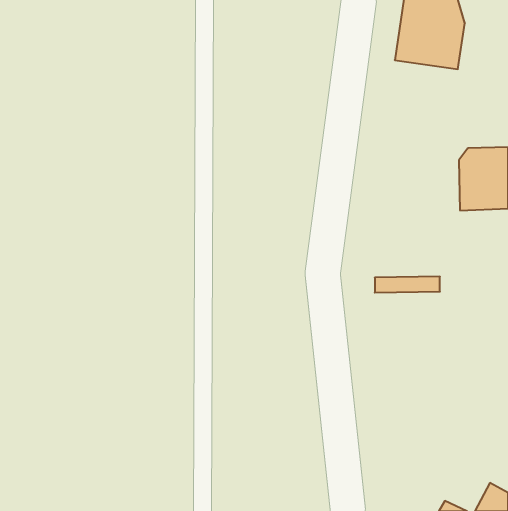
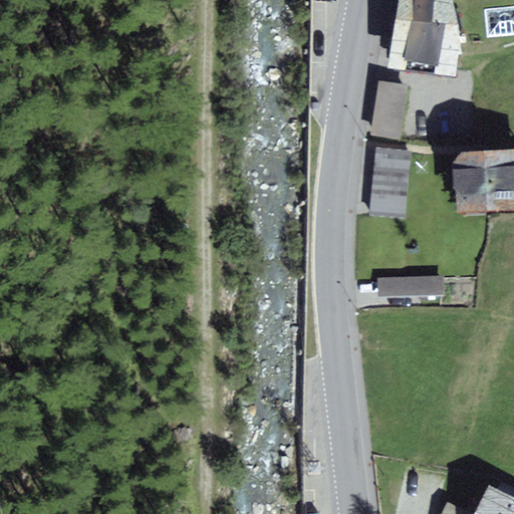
building: none -> [370,82,407,141]
building: none -> [366,151,408,218]

